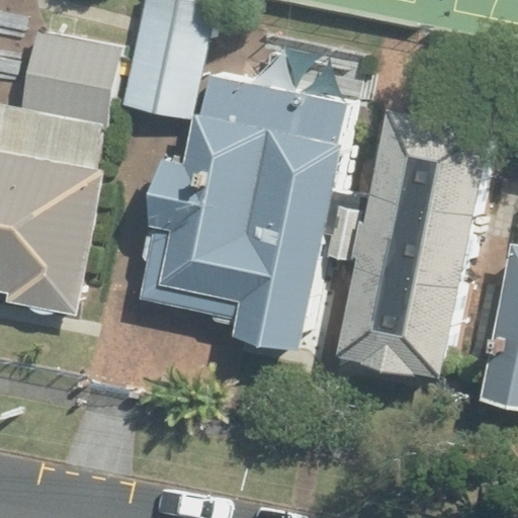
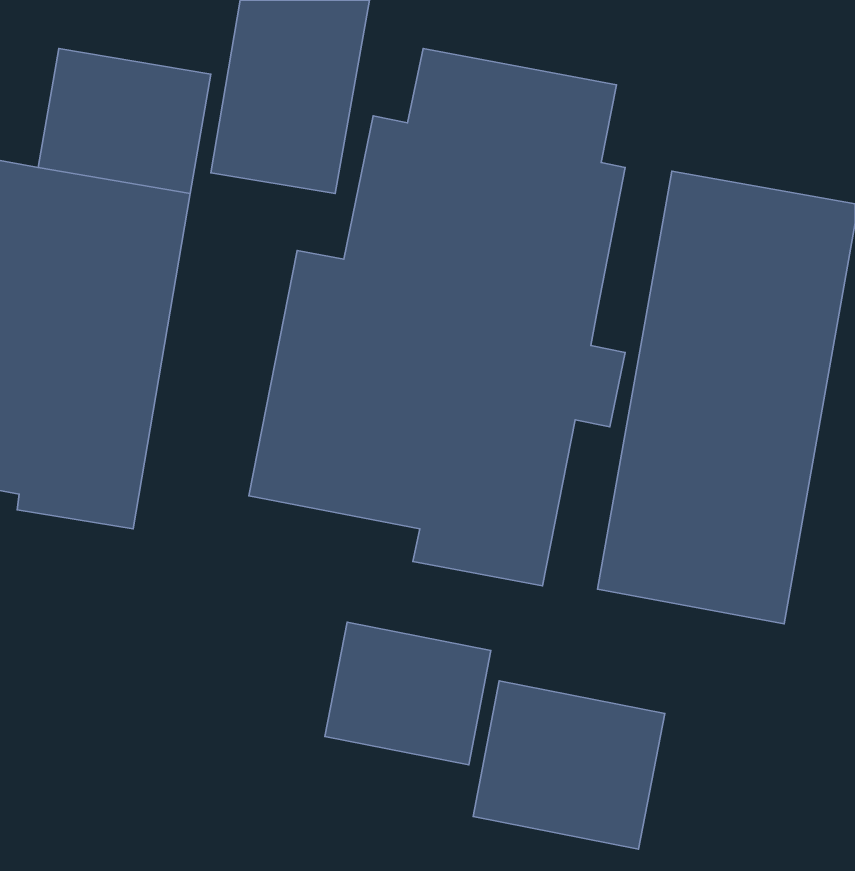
building: none -> [325,622,491,765]
building: none -> [473,681,665,849]

